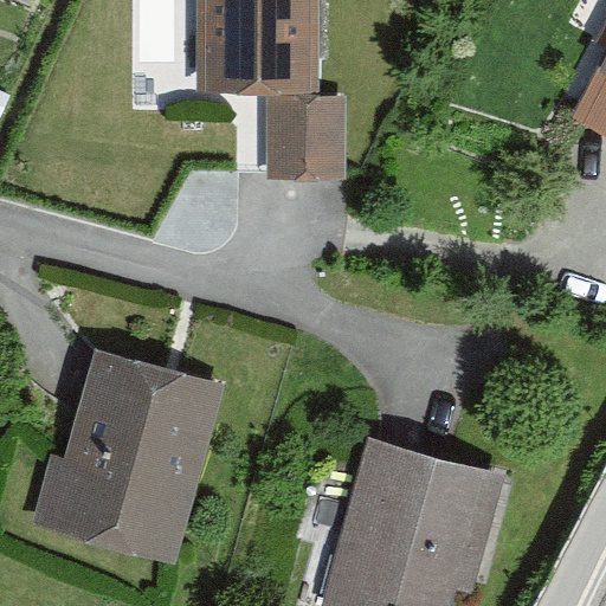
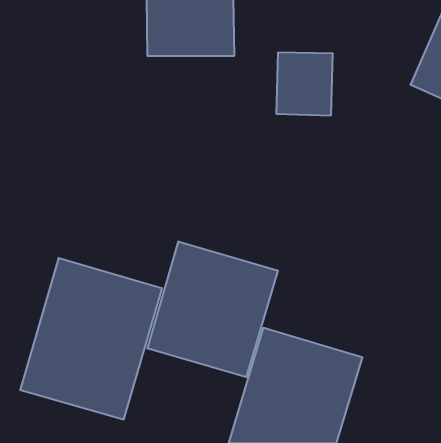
building: [273,84,350,169] -> [276,53,333,115]
building: none -> [147,241,278,377]

